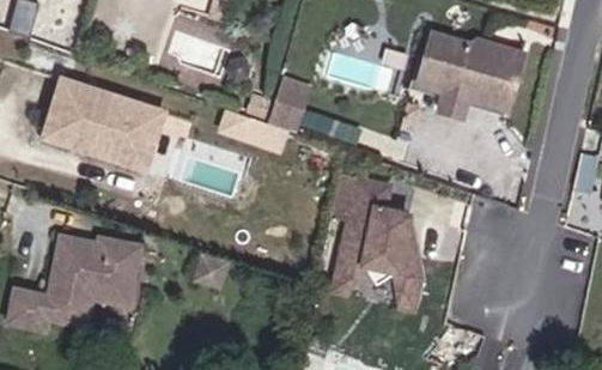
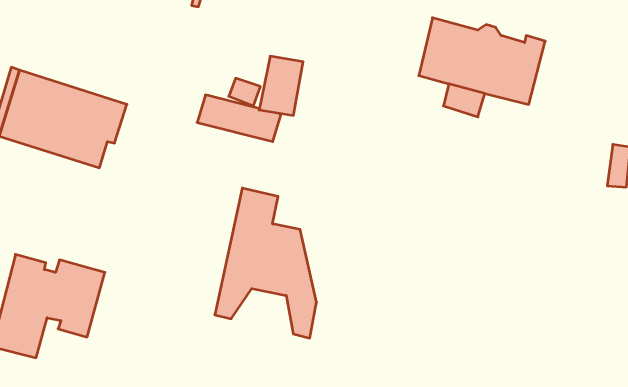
building: [333,187,421,317] -> [215,188,317,338]

